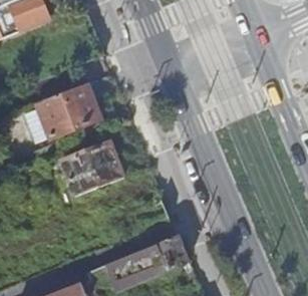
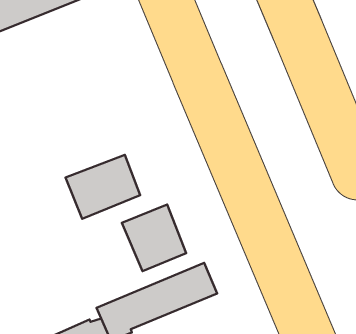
building: [34,84,98,139] -> none
building: none -> [122,205,186,271]

